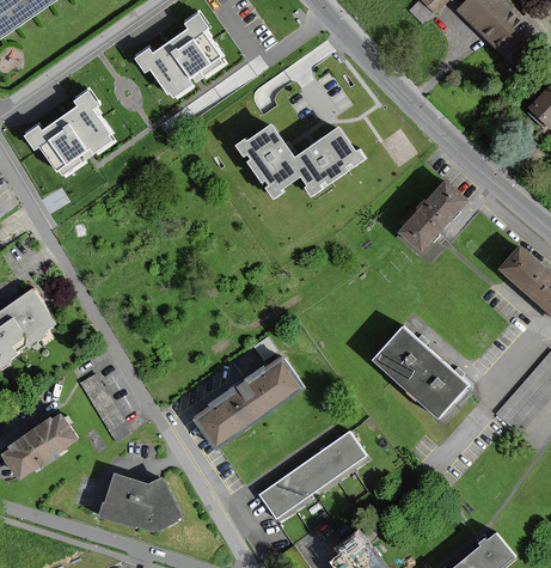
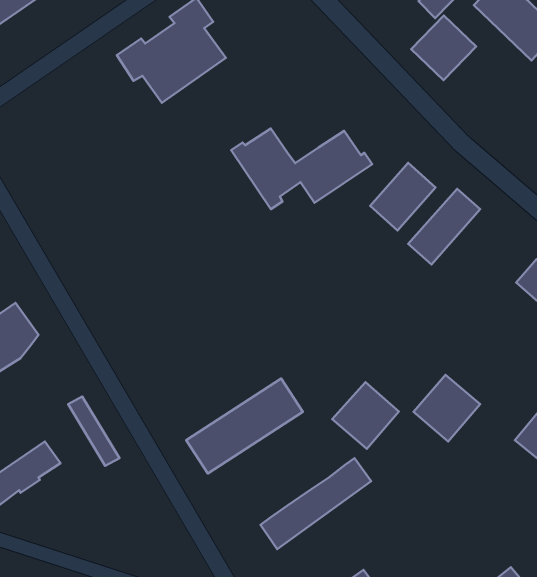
building: none -> [411,16,476,80]
building: [24,86,117,176] -> none
building: none -> [370,163,435,230]
building: [372,326,434,389] -> [332,382,399,449]
building: [98,472,183,530] -> none

